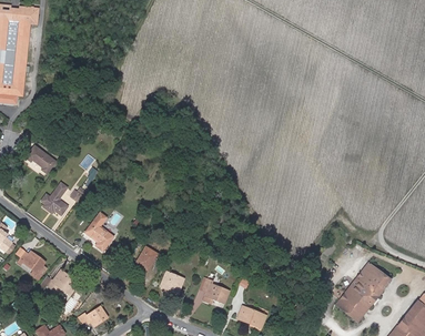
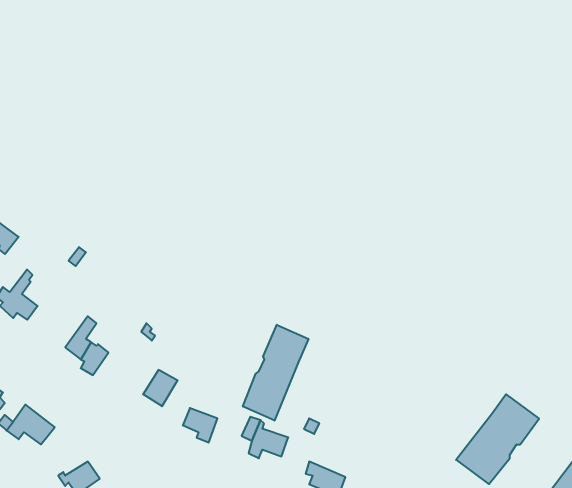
building: none -> [243,325,308,421]

